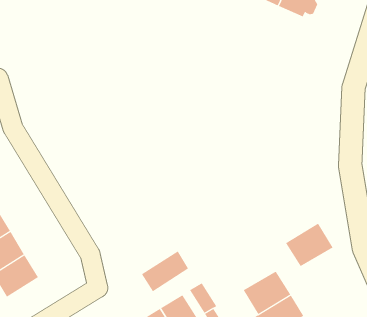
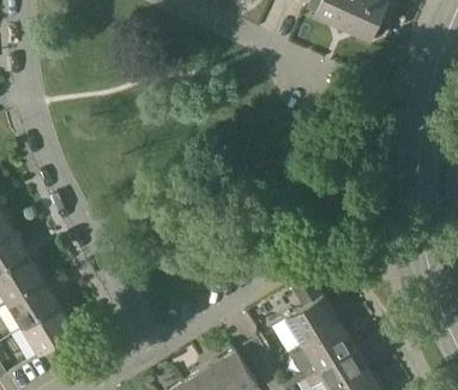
building: [285,223,334,267] -> [284,296,338,346]
building: [141,251,189,292] -> none

